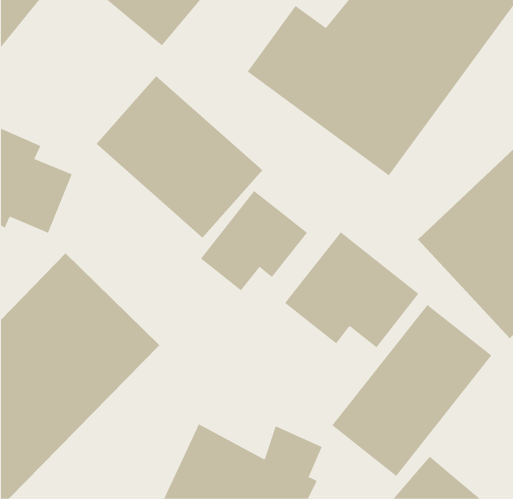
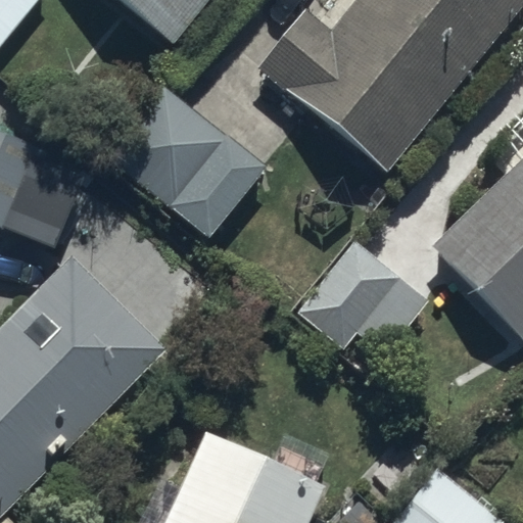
building: [200,190,308,291] -> none
building: [331,304,492,477] -> none

